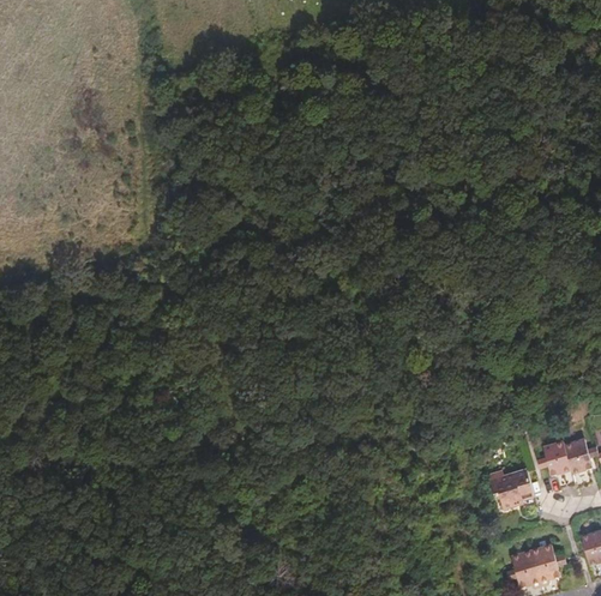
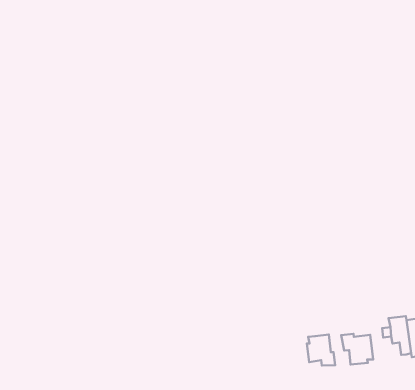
building: none -> [307,334,335,366]

